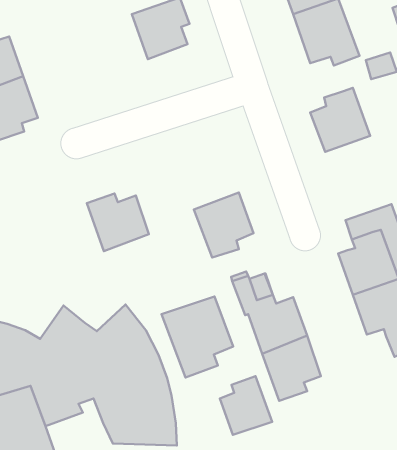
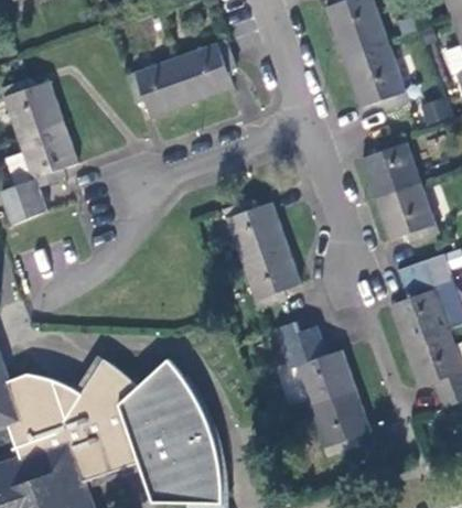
building: none -> [125,57,192,118]
building: none -> [375,183,439,244]
building: [87,193,149,251] -> [222,199,286,259]
building: [162,296,233,378] -> none
building: [220,376,272,435] -> none

